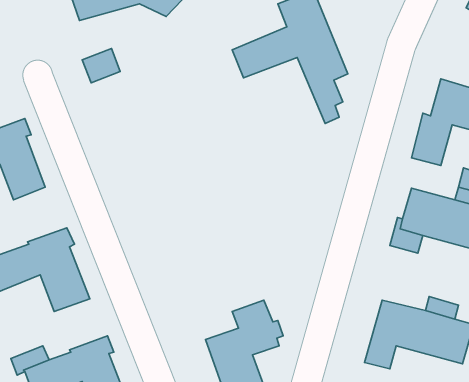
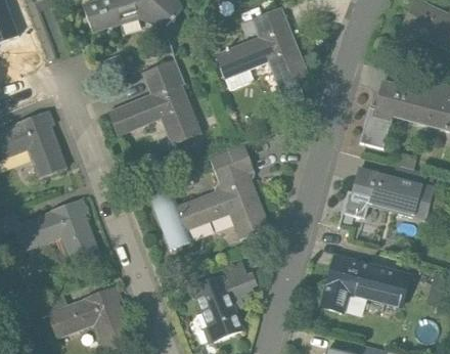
building: none -> [108,59,199,143]
building: none -> [147,145,268,251]

